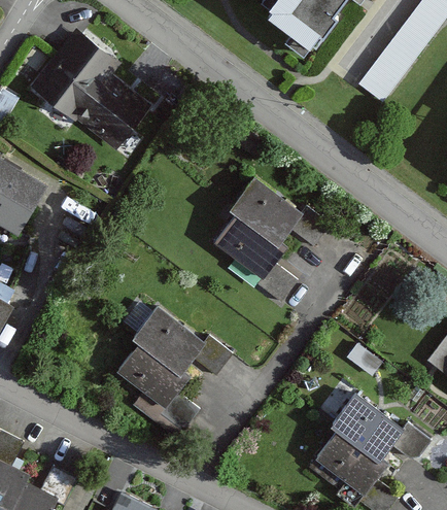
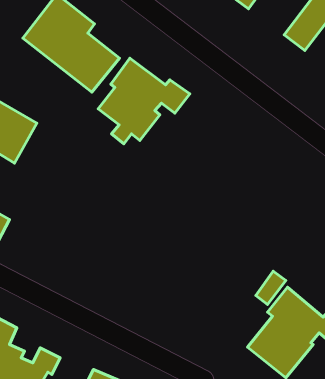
building: [219,182,333,288] -> [98,58,190,144]
building: [122,310,235,417] -> none

